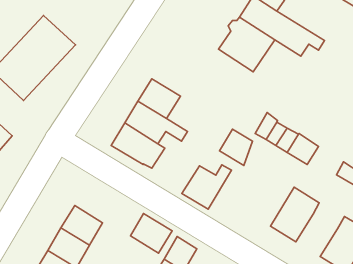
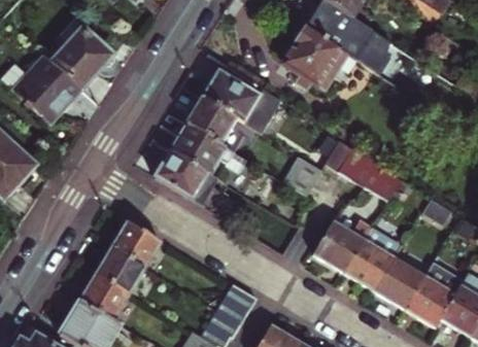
building: none -> [203,70,282,133]
building: [182,165,231,209] -> [313,219,372,272]
building: [131,213,172,253] -> [111,220,161,268]
building: none -> [374,257,423,308]

